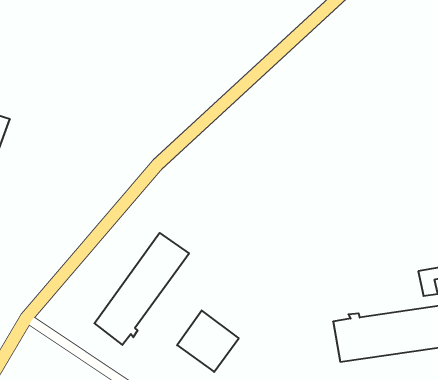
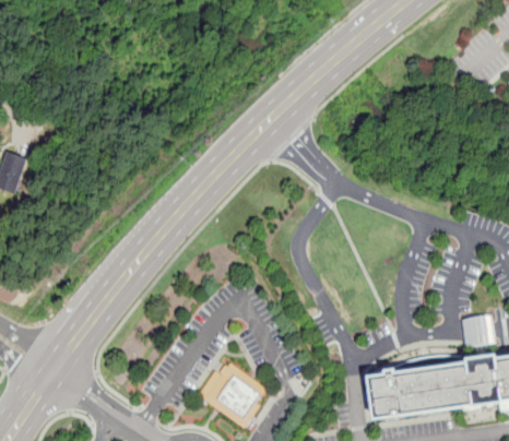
building: [94,233,189,345] -> none

